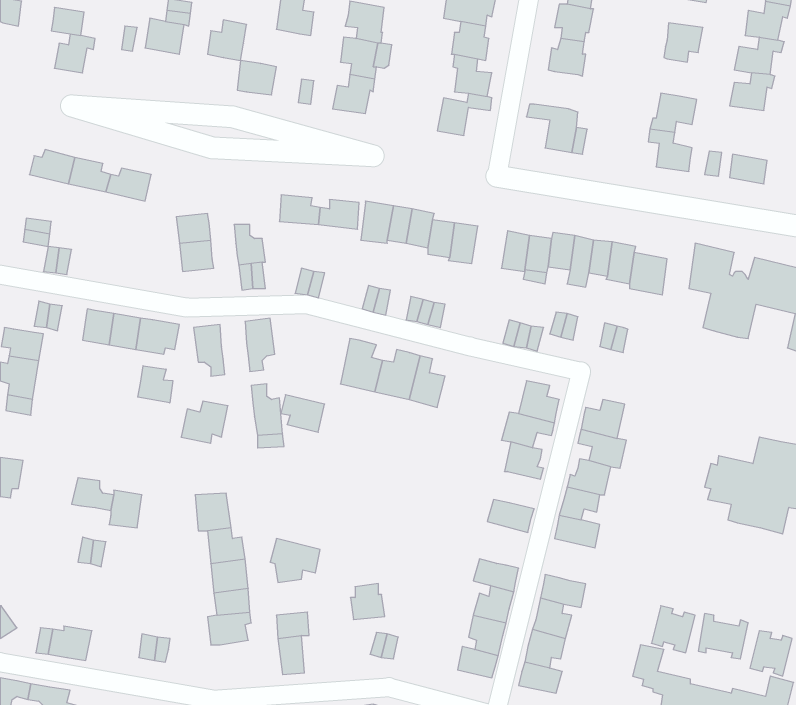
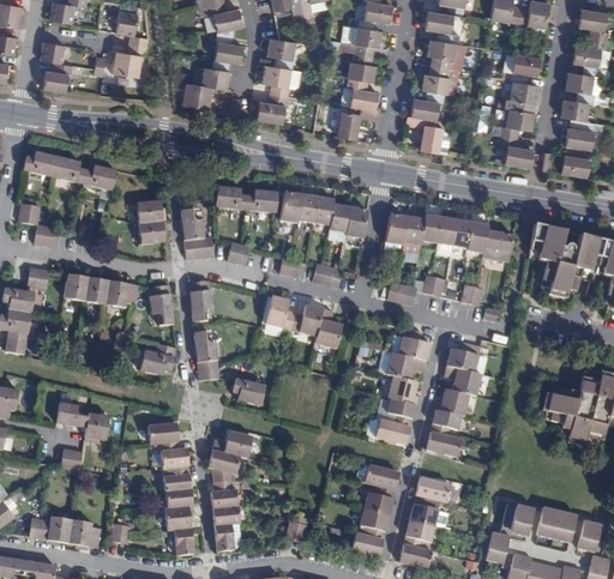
building: [208,20,247,60] -> [201,58,231,89]
building: none -> [506,80,540,109]
building: none -> [411,90,445,119]
building: none -> [565,117,594,149]
building: [138,366,173,403] -> none
building: [281,395,325,432] -> [233,376,266,405]
building: none -> [387,397,416,426]
building: none -> [213,426,253,457]
building: [350,584,385,620] -> [211,480,237,507]
building: none -> [67,519,102,547]
building: none -> [170,526,194,557]

